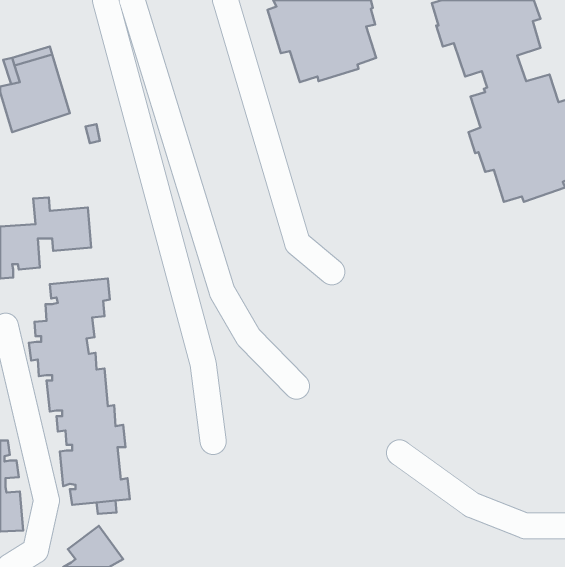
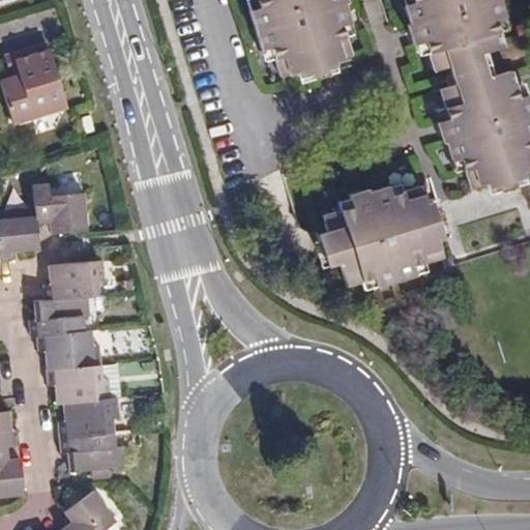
building: none -> [319,183,445,286]

